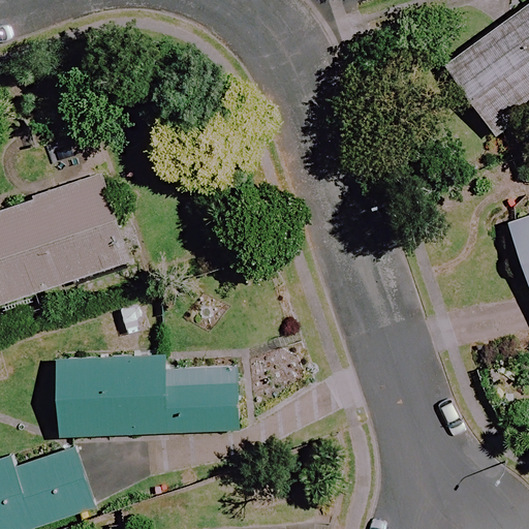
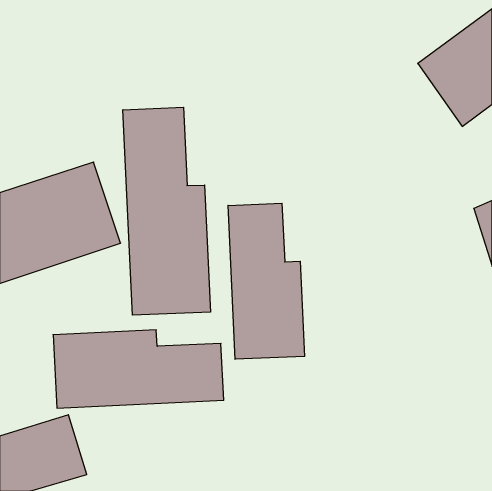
building: none -> [123,107,210,315]
building: none -> [228,203,305,359]

